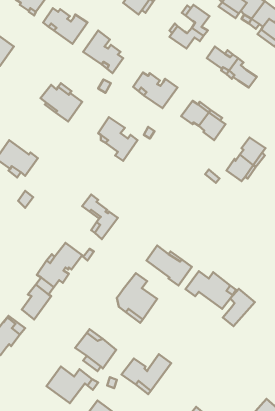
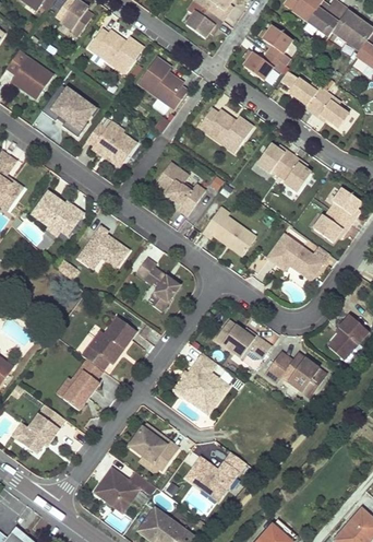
building: none -> [41,83,98,137]
building: none -> [203,207,256,255]
building: none -> [76,225,128,267]
building: none -> [267,234,322,279]
building: [223,289,255,326] -> [328,314,368,360]

